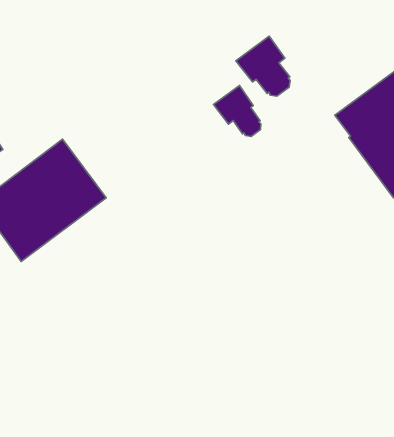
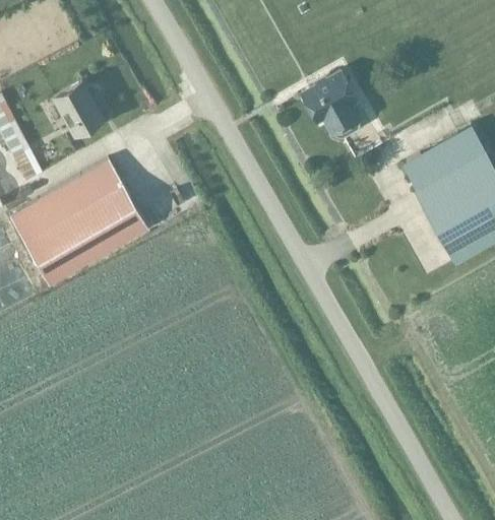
building: none -> [53,83,103,137]
building: [214,85,261,137] -> none

